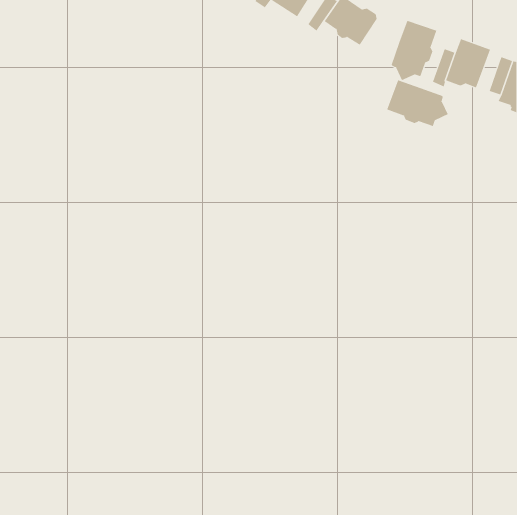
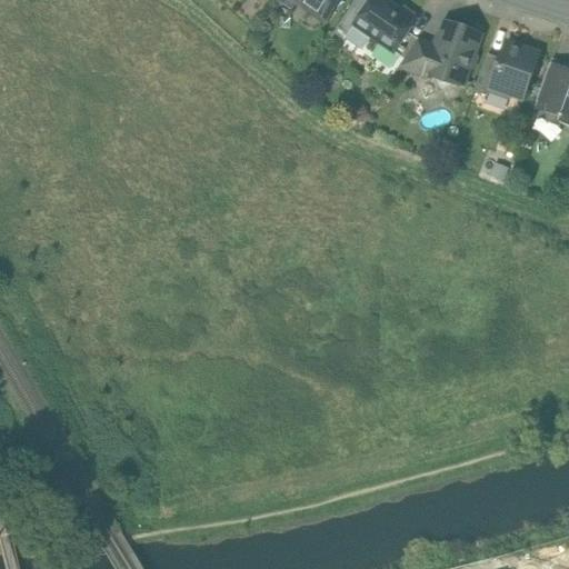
building: none -> [400,40,438,77]
building: [386,80,448,127] -> none

